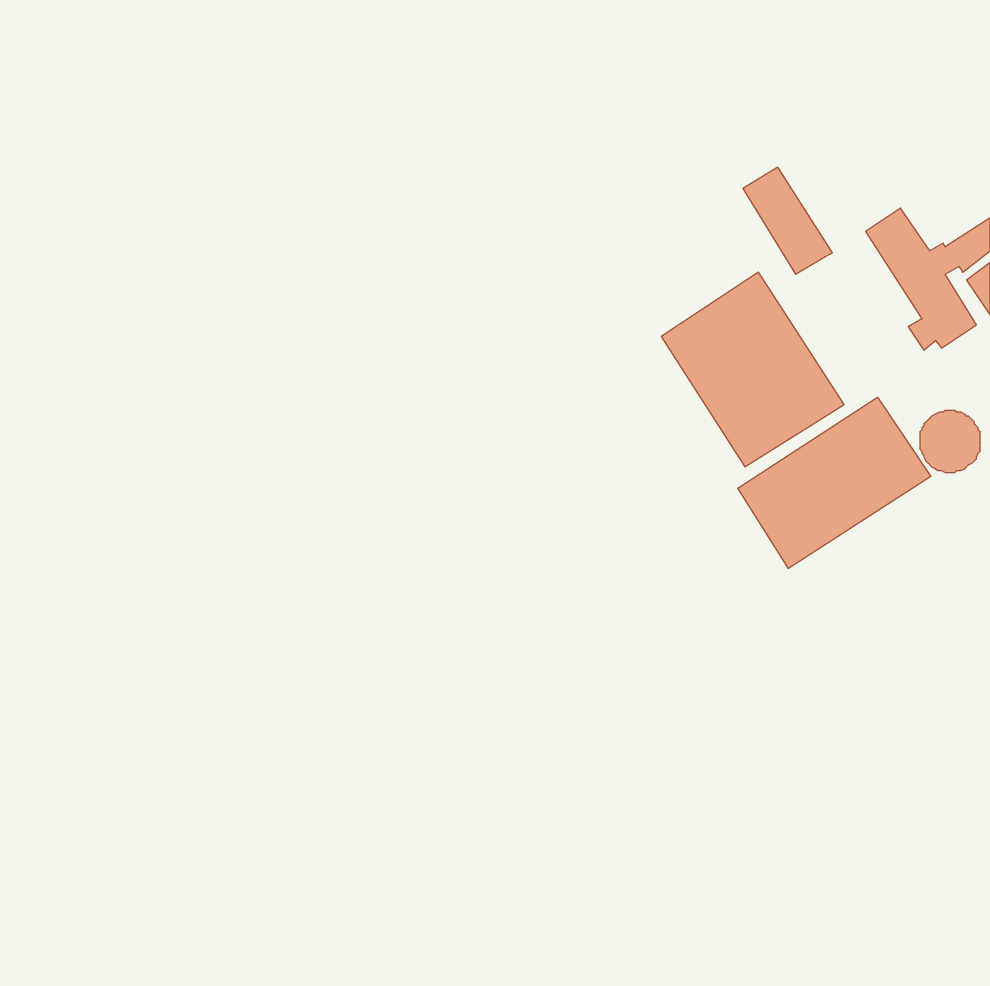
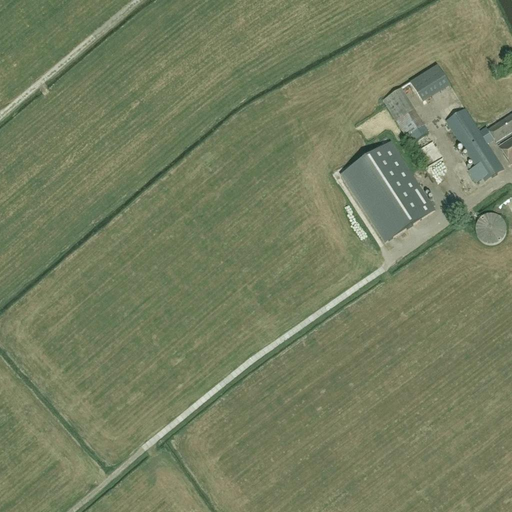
building: none -> [408,65,450,105]
building: [738,397,931,568] -> none

